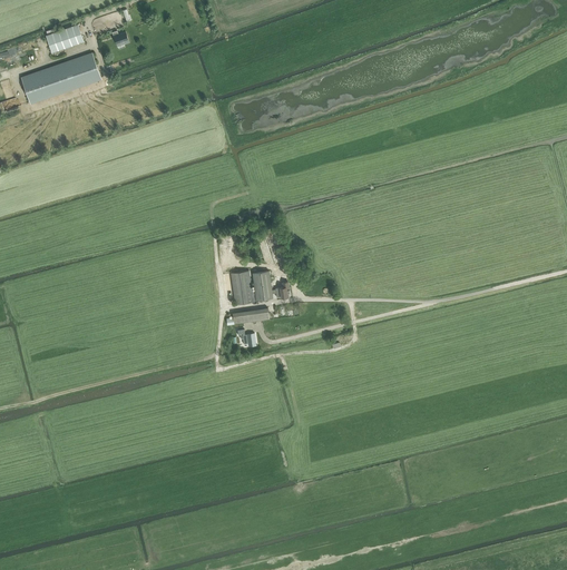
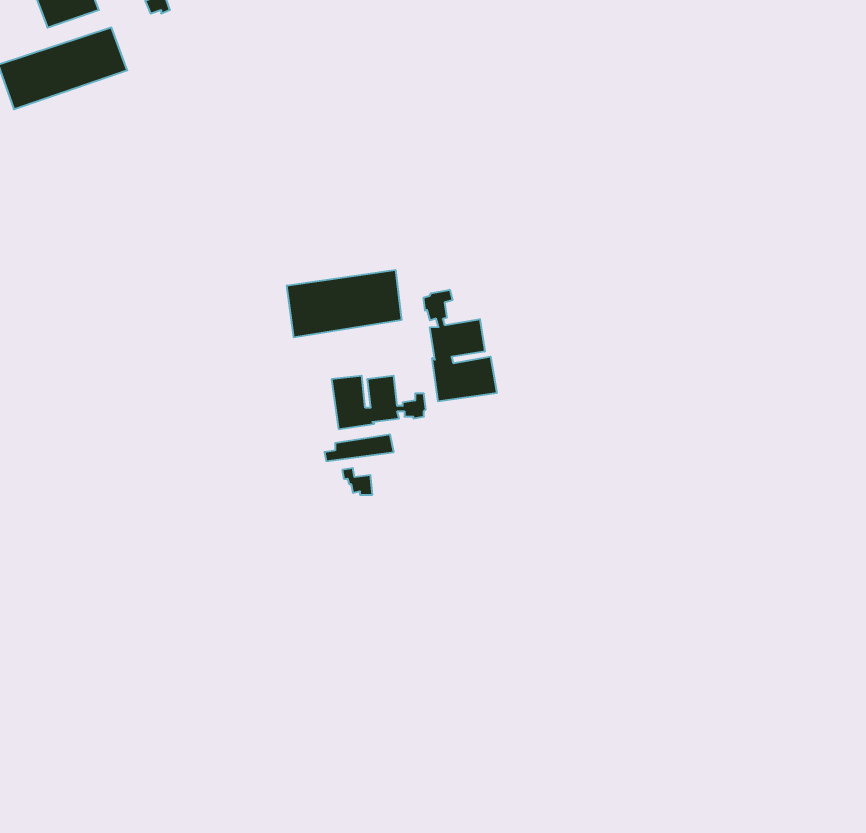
building: none -> [287,270,401,337]
building: none -> [424,290,497,401]

